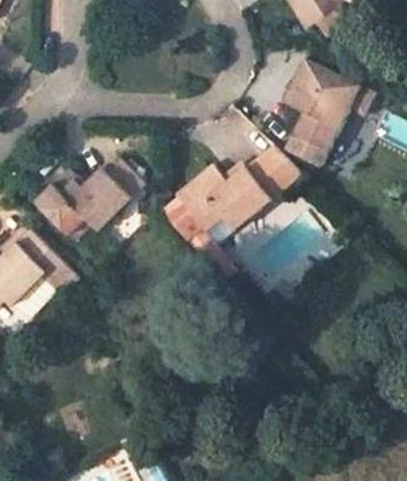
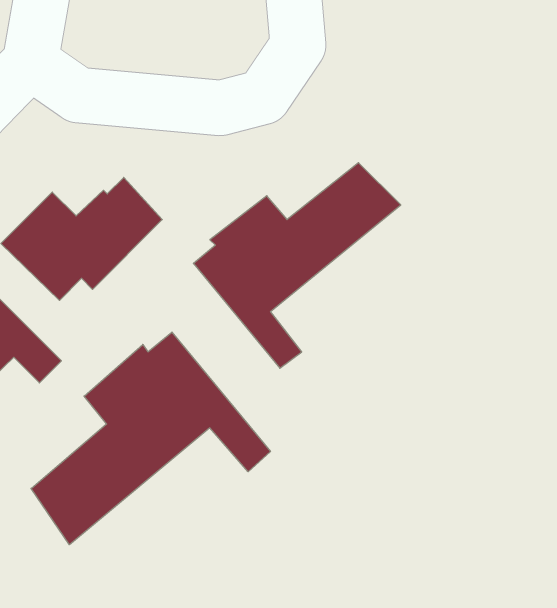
building: [283,59,373,169] -> none
building: none -> [31,332,270,545]

